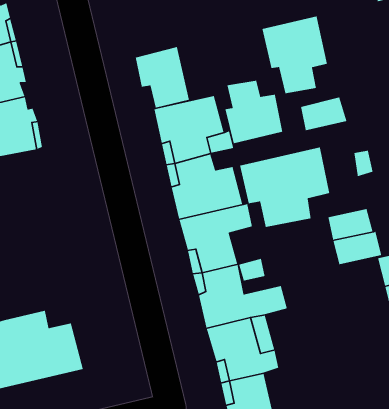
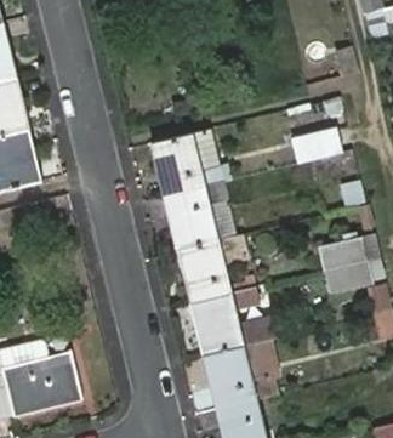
building: [261,15,328,94] -> none
building: [135,46,190,109] -> none
building: [225,80,283,144] -> none
building: [239,147,330,228] -> none

